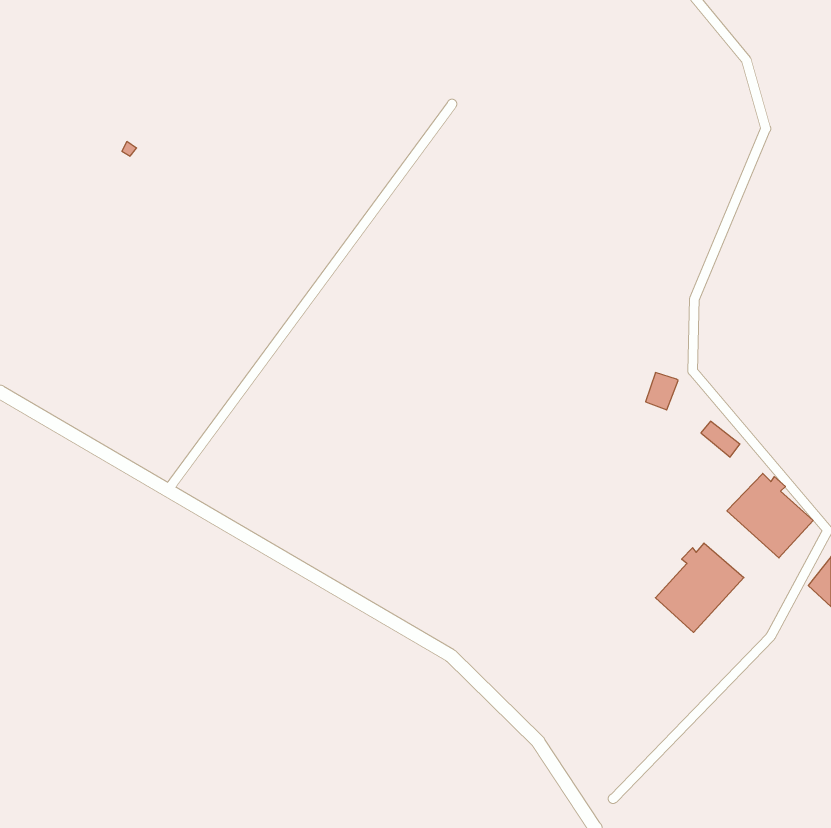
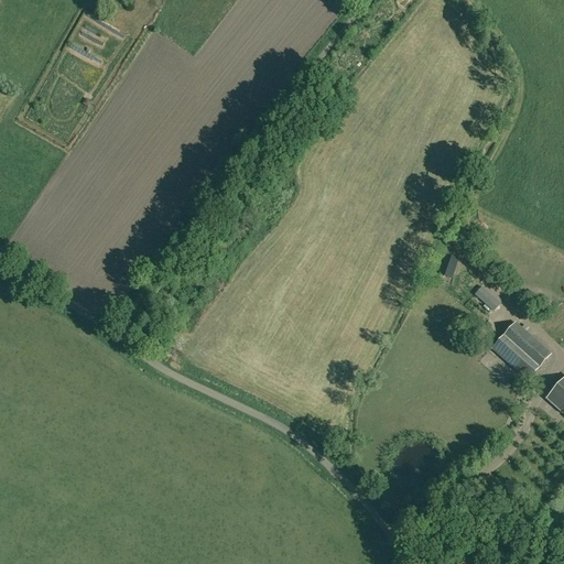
building: [655,543,744,632] -> none

